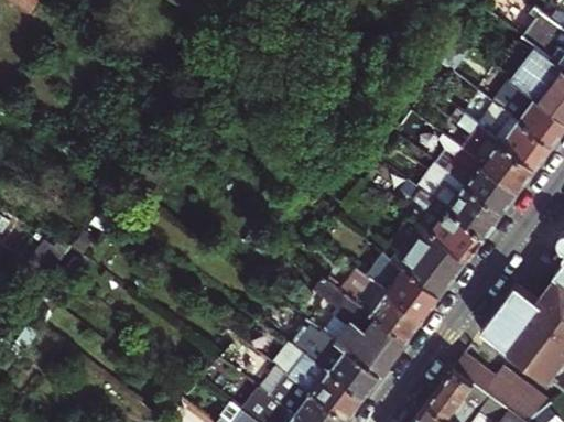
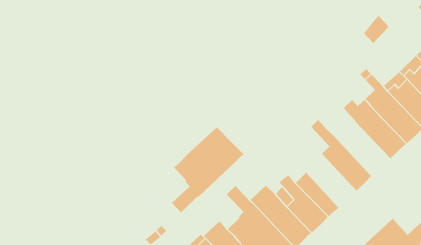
building: [419,159,506,235] -> none
building: none -> [171,126,244,213]
building: [406,220,471,280] -> none

